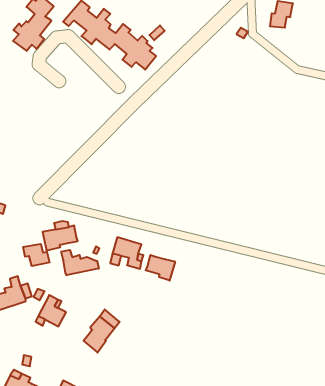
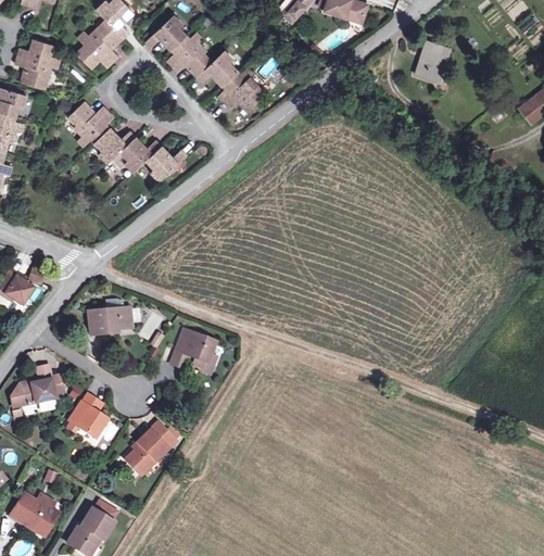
building: none -> [72,108,189,185]
building: [23,244,50,266] -> none
building: [61,250,99,275] -> none
building: [146,255,175,281] -> none

